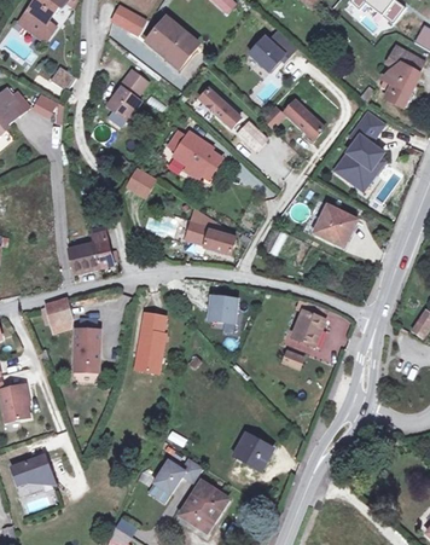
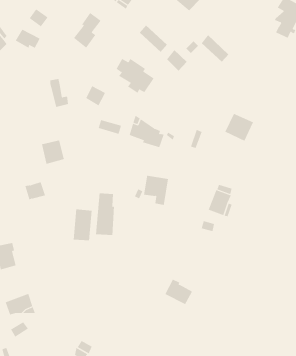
building: [332,110,385,189] -> none
building: [88,227,115,267] -> [49,78,69,108]
building: [72,330,99,373] -> [73,209,92,241]
building: [153,458,202,493] -> none
building: [179,481,227,530] -> none

